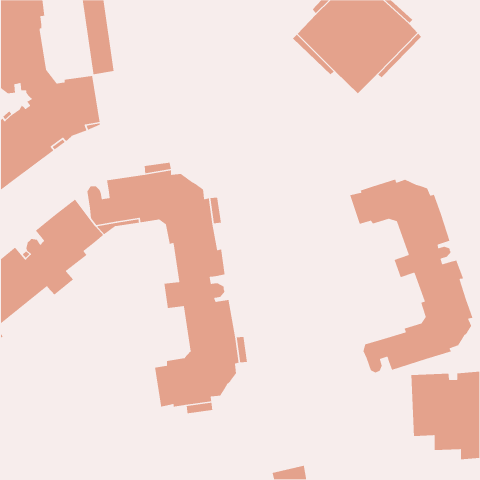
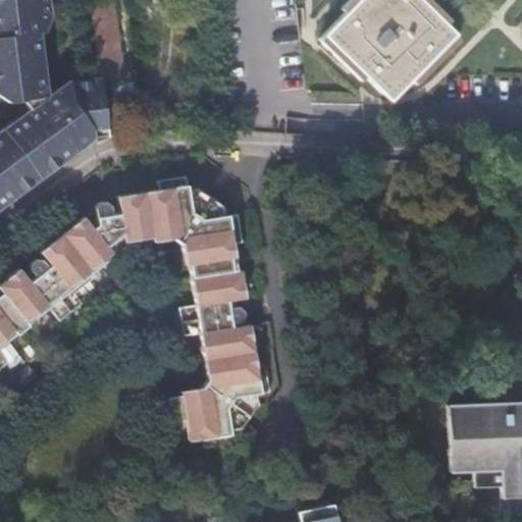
building: [349,178,474,373] -> none

